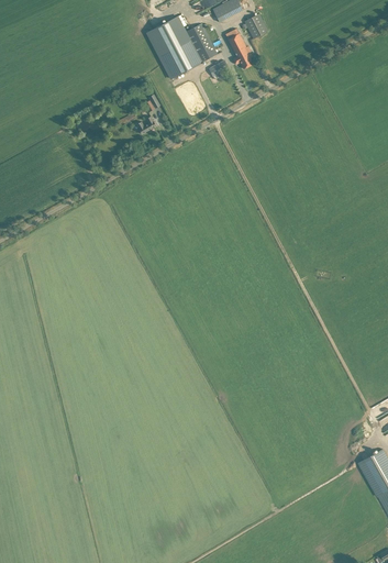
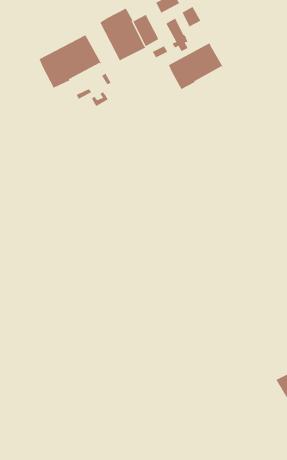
building: none -> [39,34,102,89]
building: none -> [168,42,223,90]

